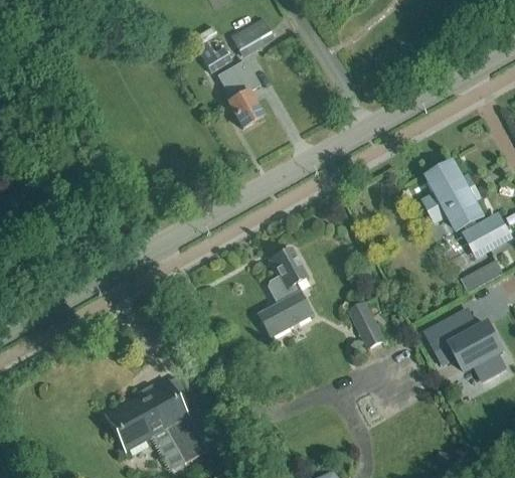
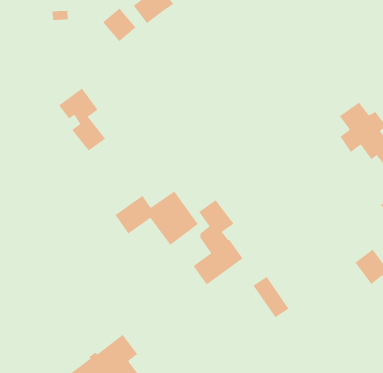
building: [217,60,263,128] -> [58,88,106,152]
building: none -> [115,190,199,246]
building: [349,303,384,348] -> [253,276,289,318]

